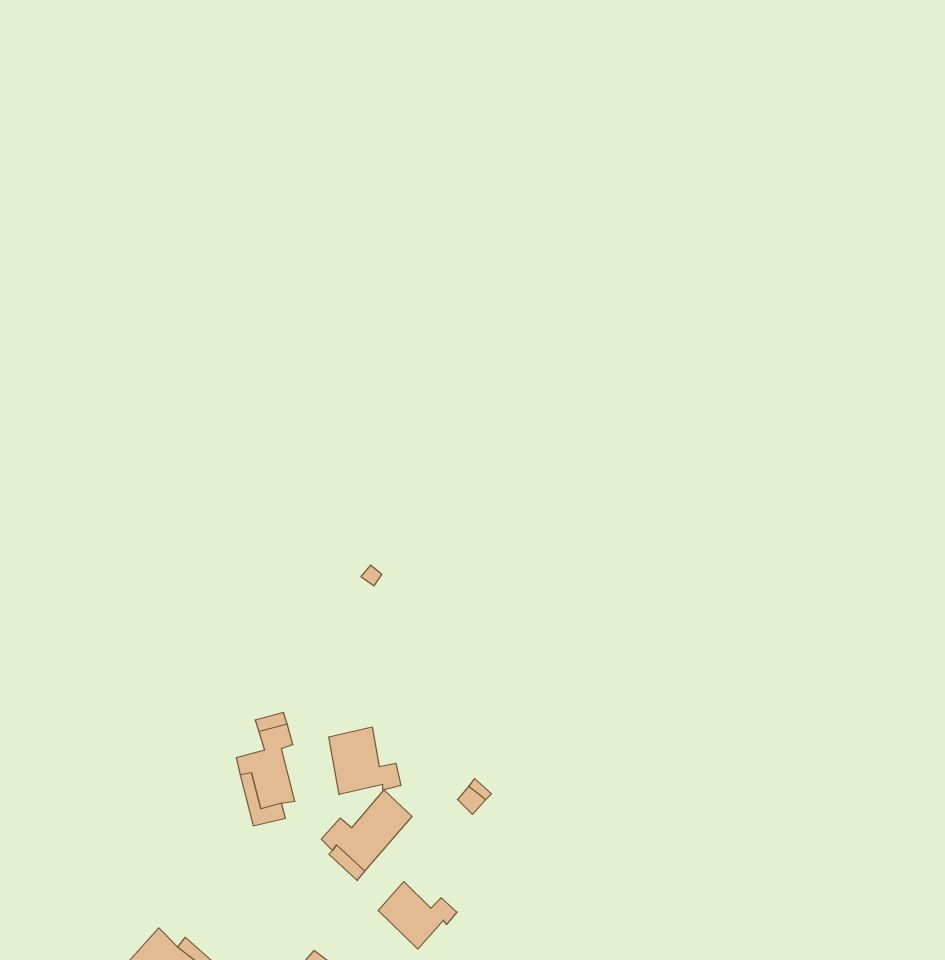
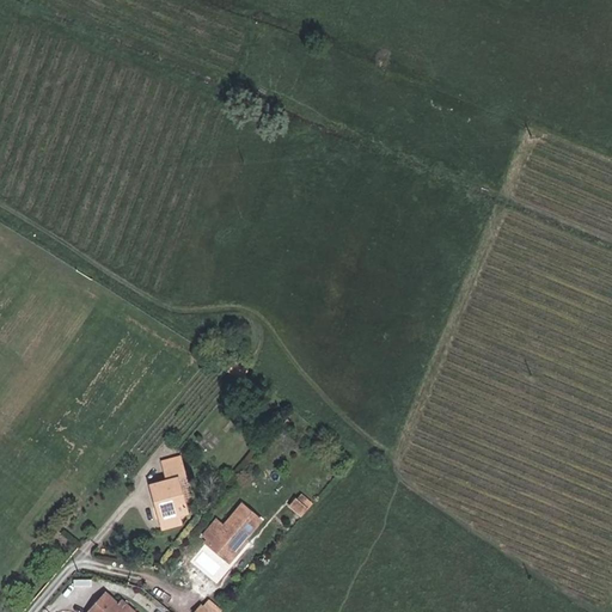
building: [329,727,401,795] -> none
building: [378,882,457,949] -> none

